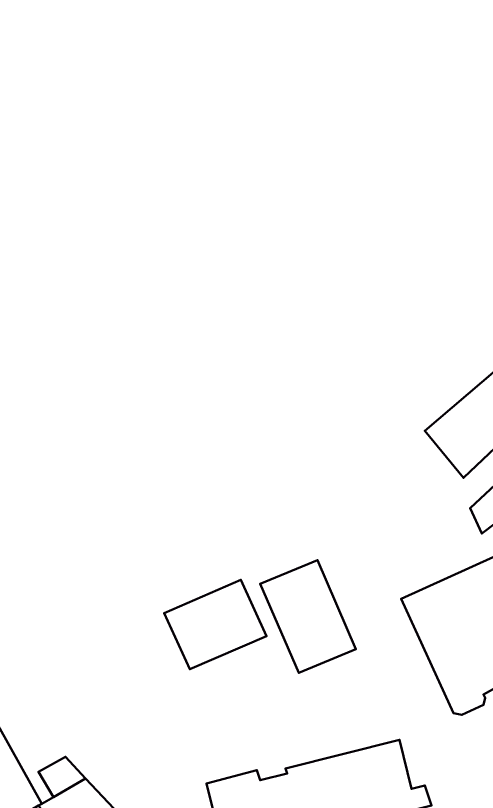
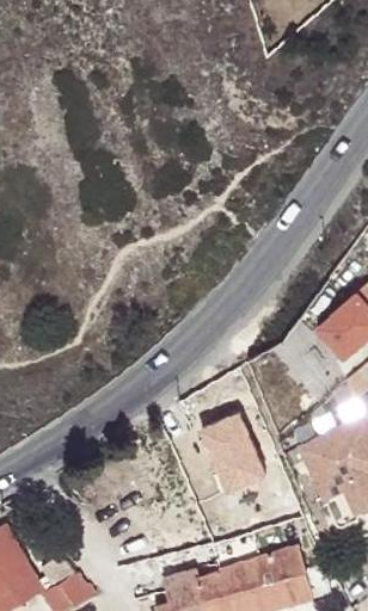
building: [164,580,266,669] -> none

